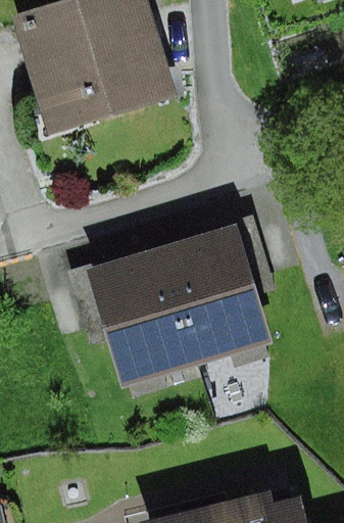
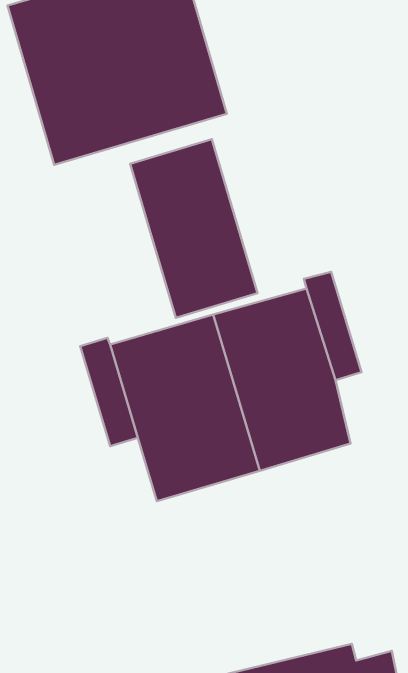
building: none -> [130,139,257,318]

